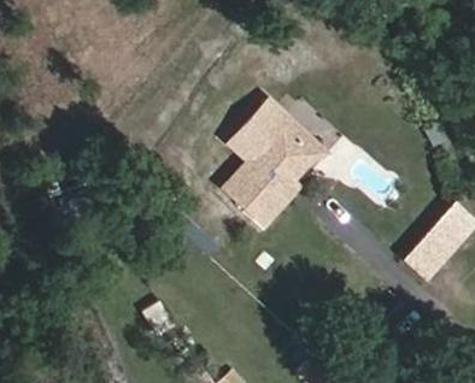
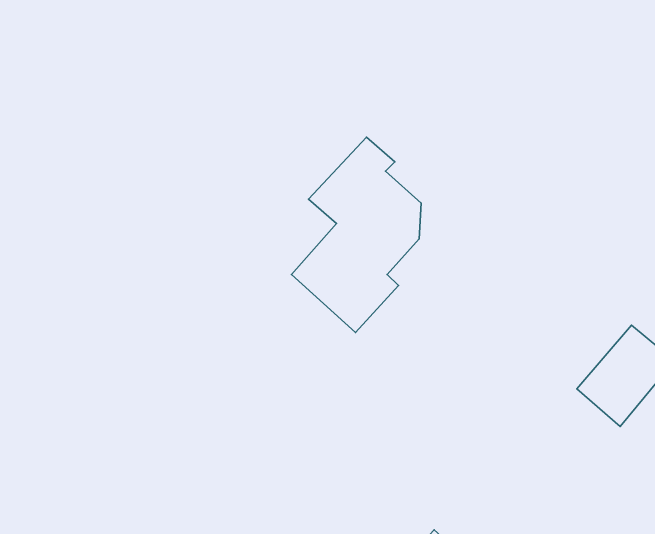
building: [281,113,328,193] -> none

